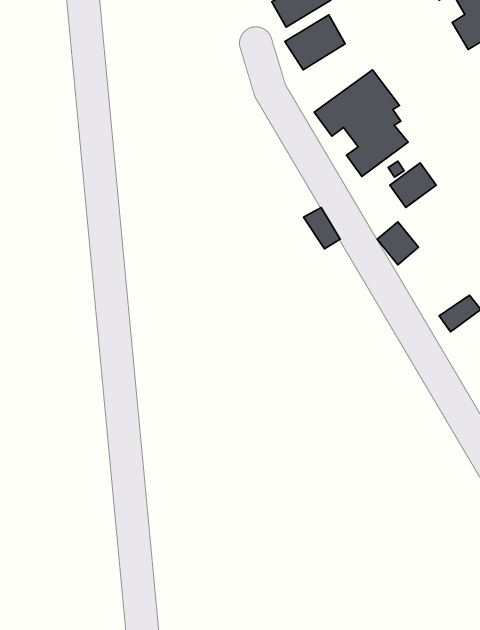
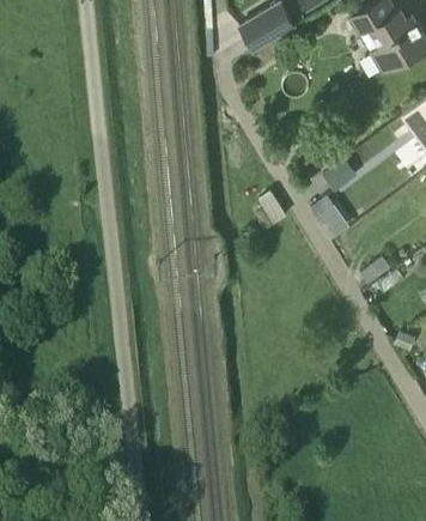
building: [285,15,345,70] -> none
building: [314,70,408,176] -> none

